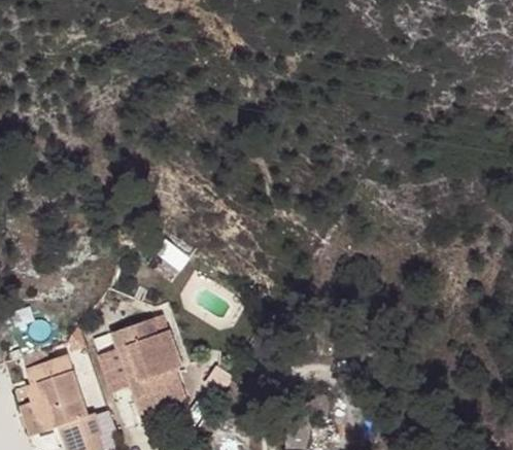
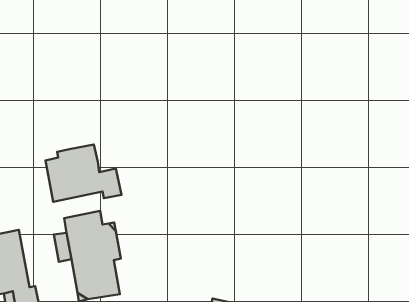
building: none -> [46,145,122,202]

